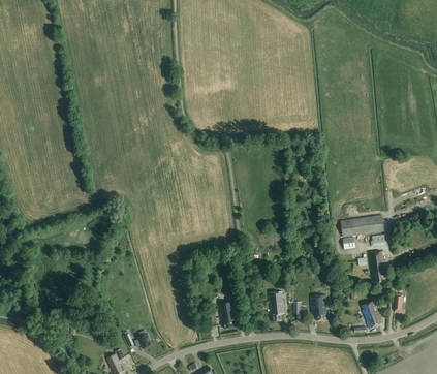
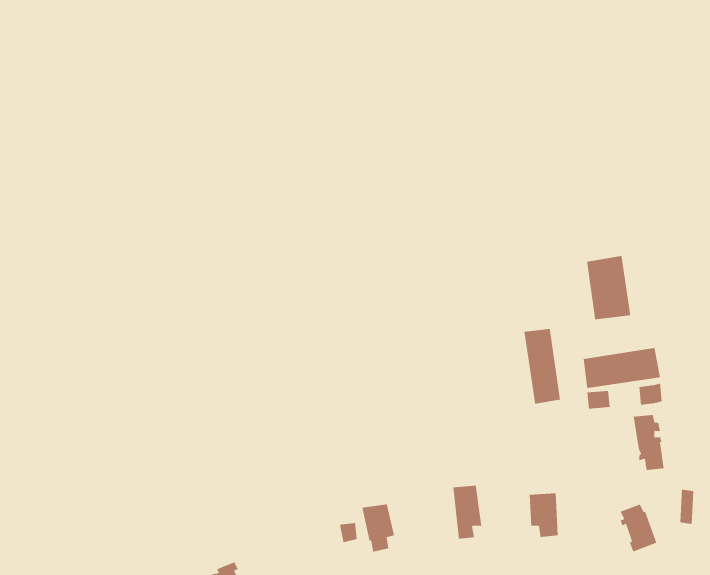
building: none -> [586,255,631,320]
building: none -> [524,328,561,405]

